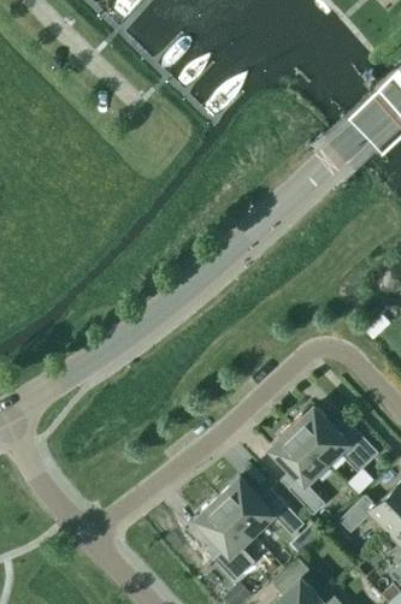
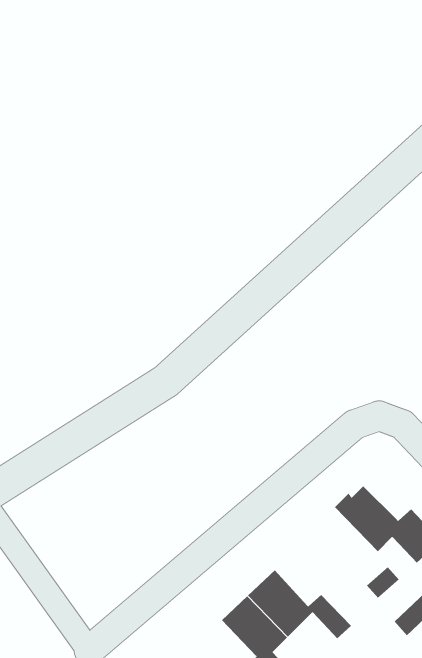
building: [271,426,326,515] -> none

